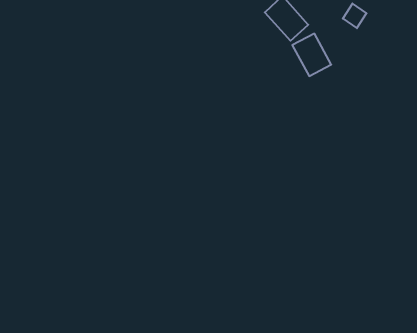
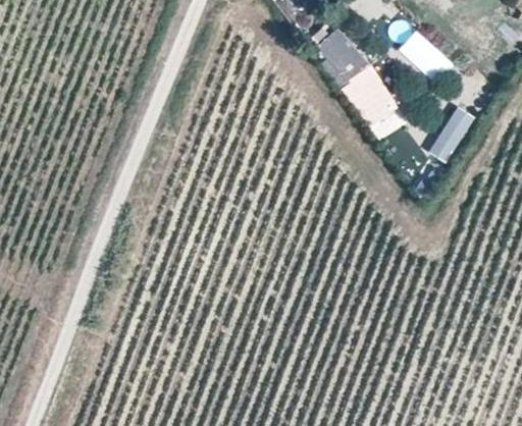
building: none -> [427,107,474,164]

